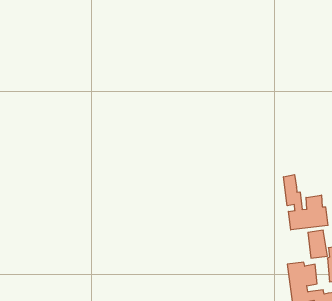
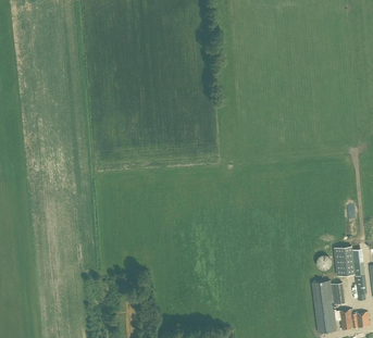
building: [284,175,328,230] -> none

